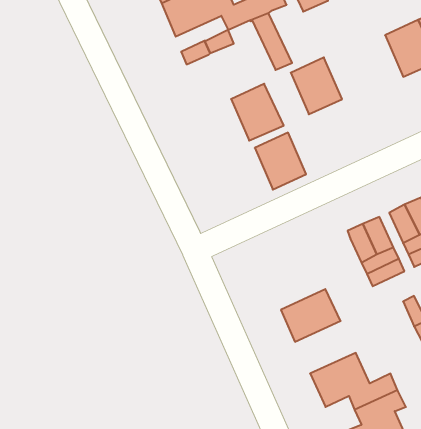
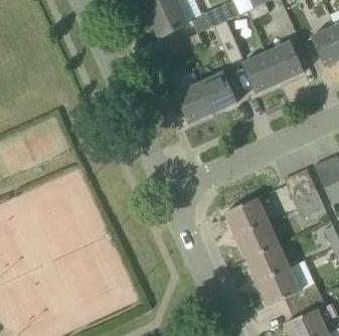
building: none -> [267,41,304,82]
building: [255,133,306,190] -> [175,82,212,124]
building: none -> [224,197,268,235]
building: none -> [245,243,290,282]

